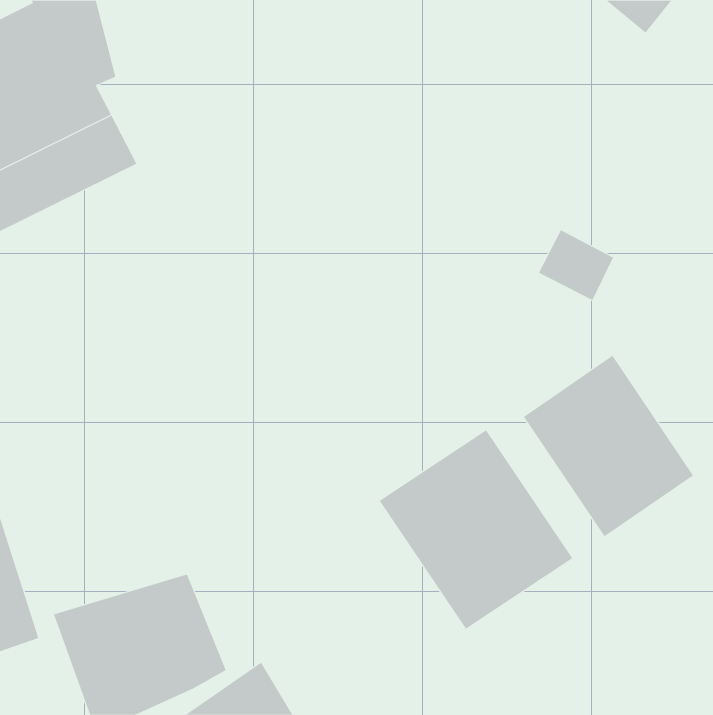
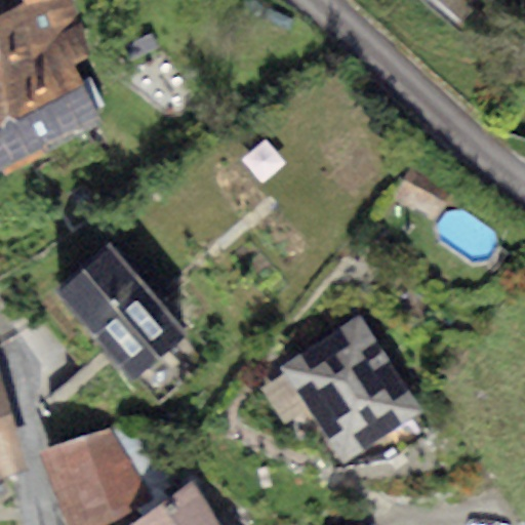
building: none -> [55,245,184,377]
building: [523,355,694,537] -> none

